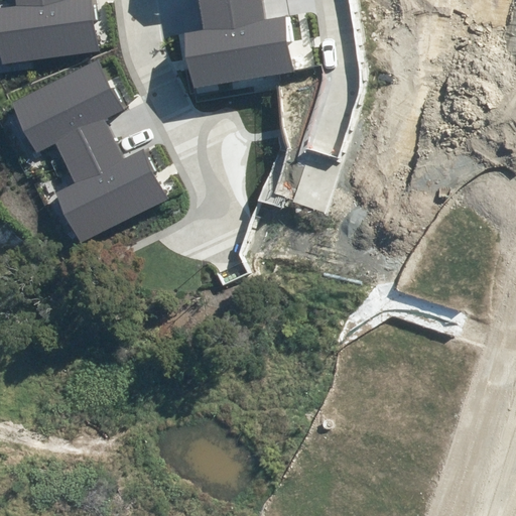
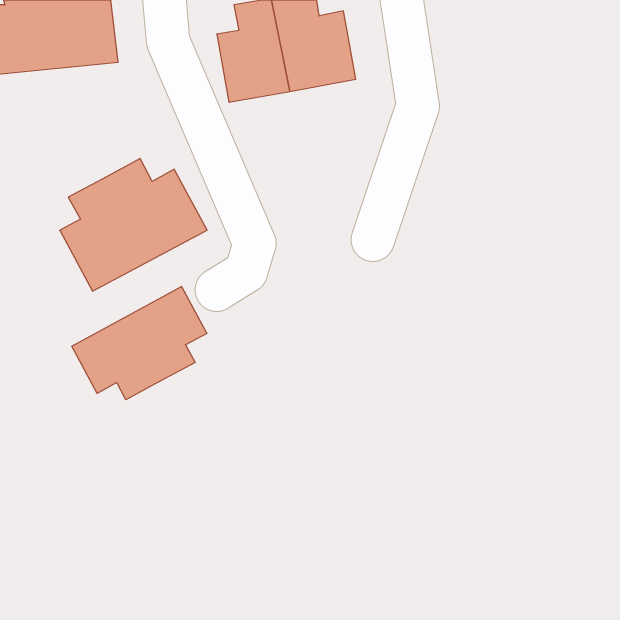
building: [11,59,124,165] -> none
building: none -> [72,286,207,400]

